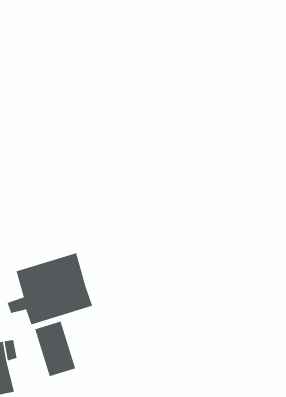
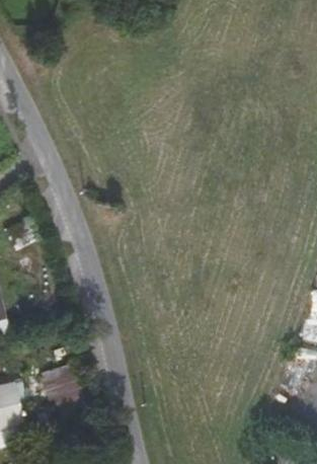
building: [7,252,93,326] -> none

